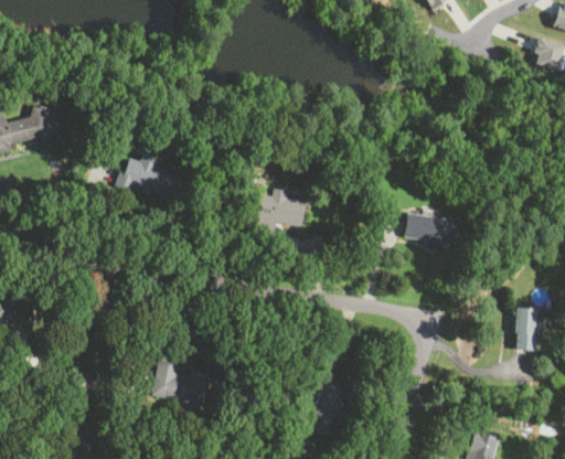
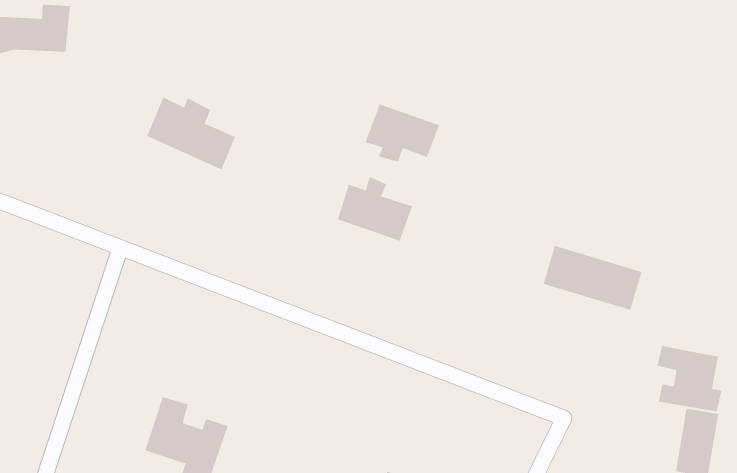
building: none -> [365,103,440,162]
building: none -> [657,345,722,412]

